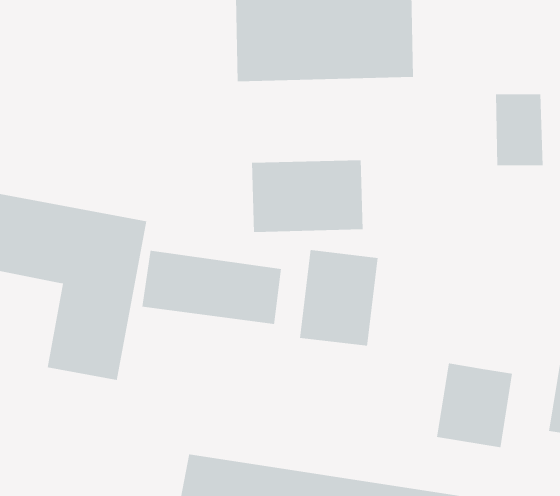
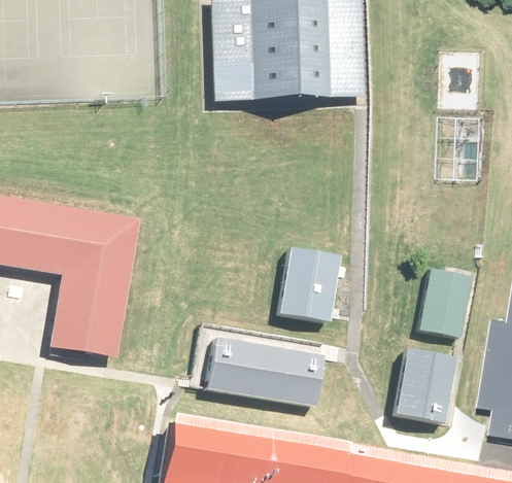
building: [251,159,363,233] -> none
building: [141,250,282,324] -> [205,337,328,402]
building: none -> [416,272,475,342]

